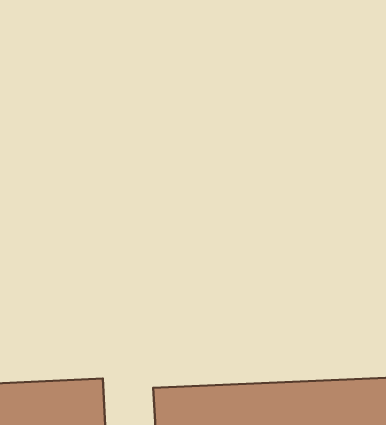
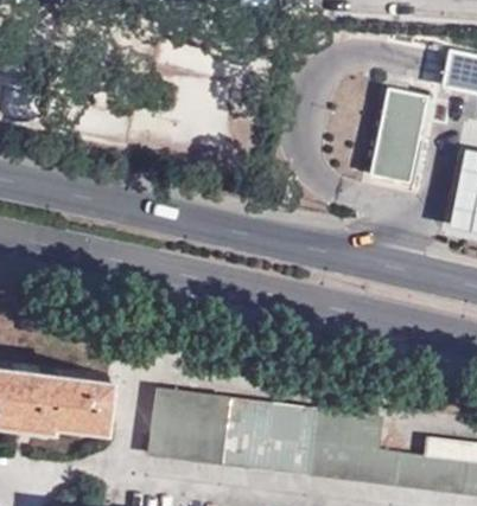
building: none -> [368,90,426,187]

